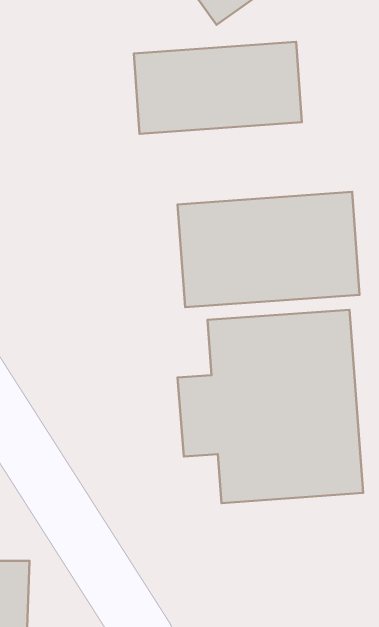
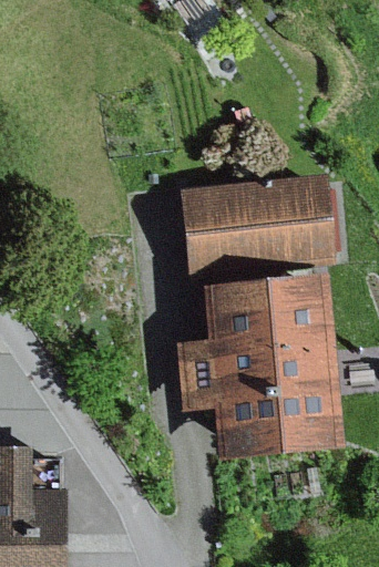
building: [134,42,302,134] -> none

